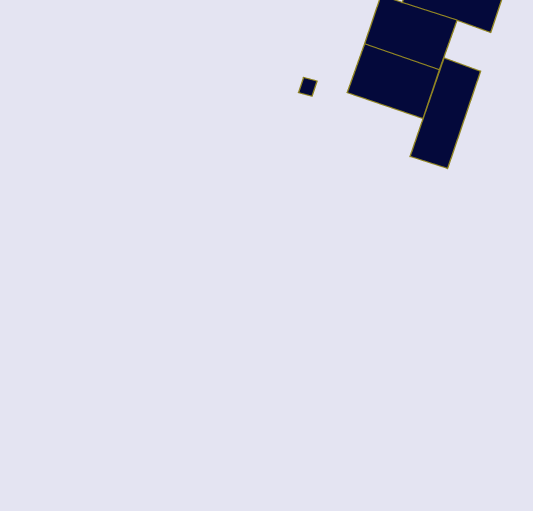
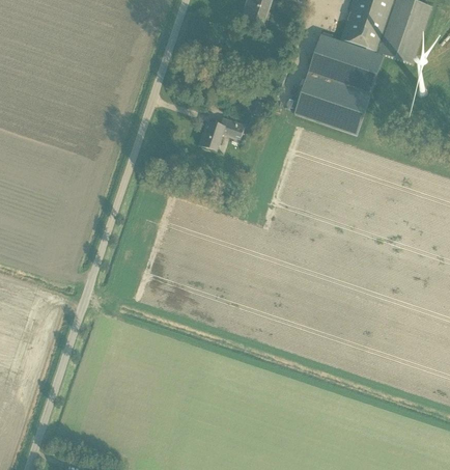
building: [410,58,481,169] -> none
building: none -> [199,117,245,150]

